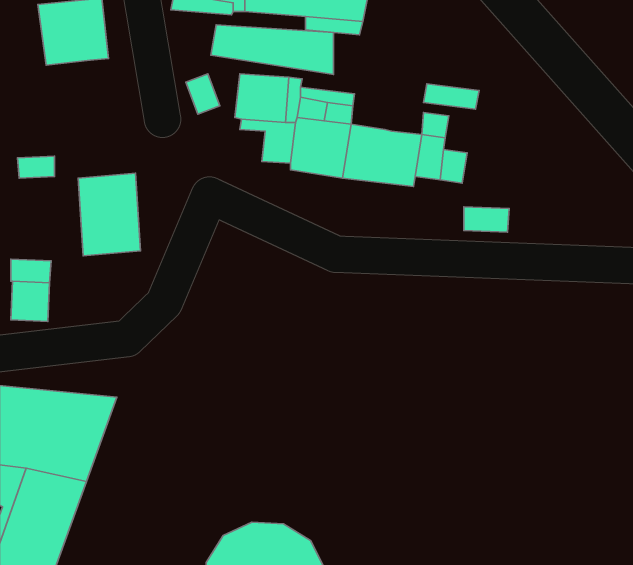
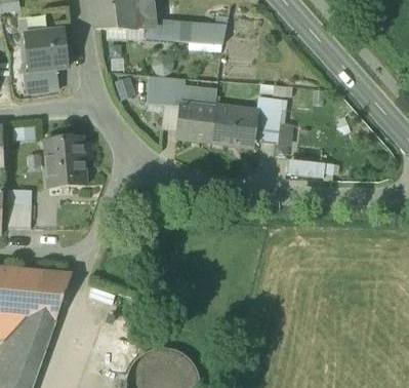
building: [211,25,334,74] -> none
building: none -> [23,67,59,91]

